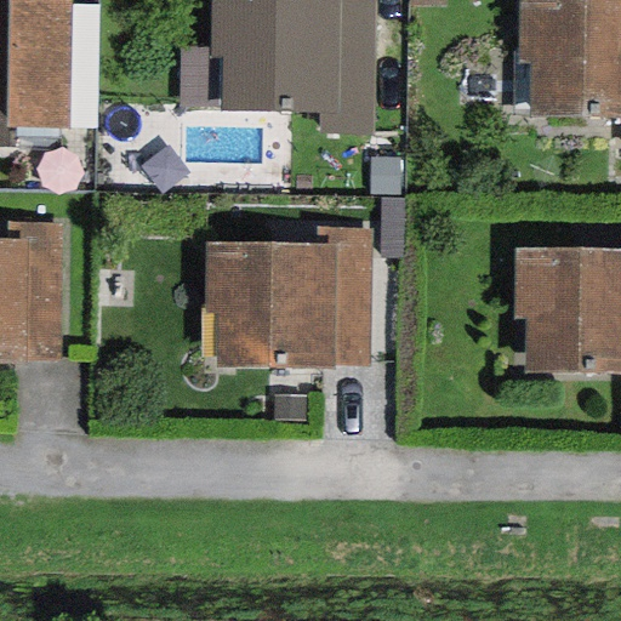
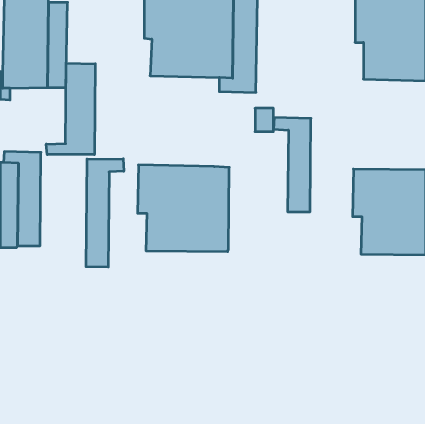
building: none -> [46,63,95,155]
building: [313,226,368,363] -> [273,118,311,212]
building: none -> [86,159,124,267]

